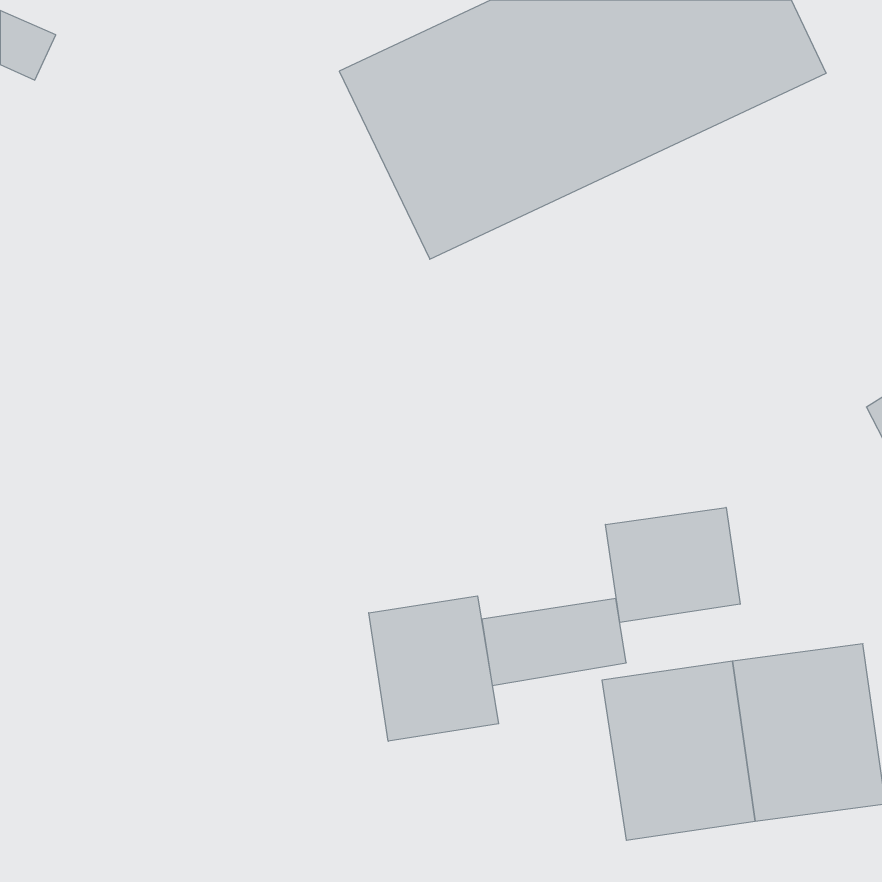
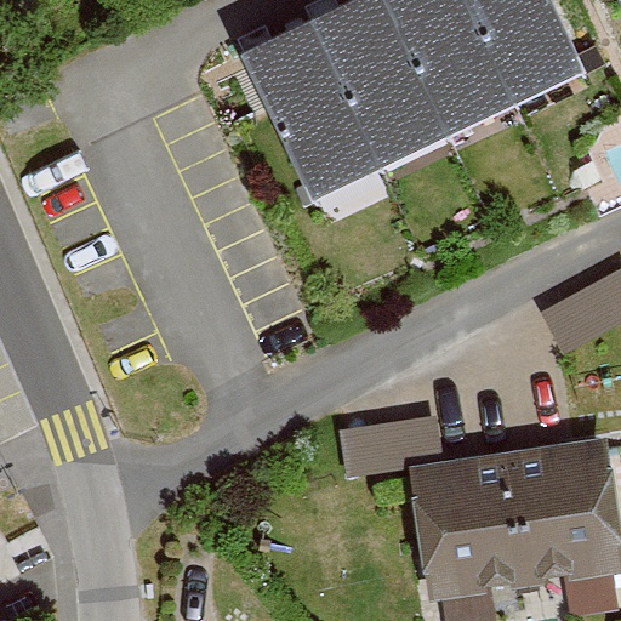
building: [605,507,740,623] -> none
building: [369,596,499,741] -> none

